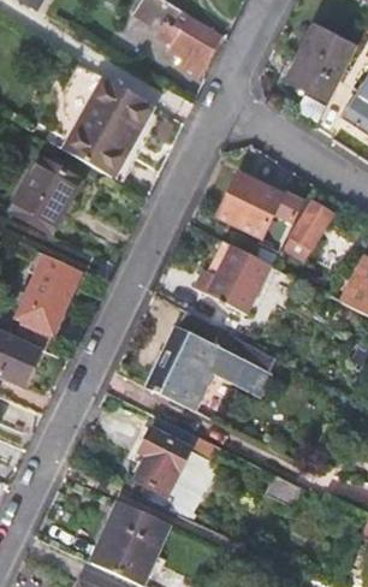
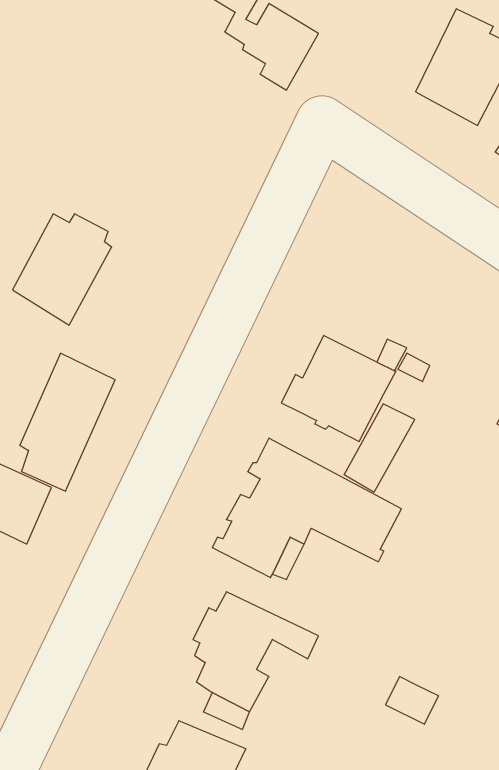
building: [66,78,150,178] -> none
building: [215,173,279,237] -> none
building: [284,201,332,261] -> [344,404,415,492]

